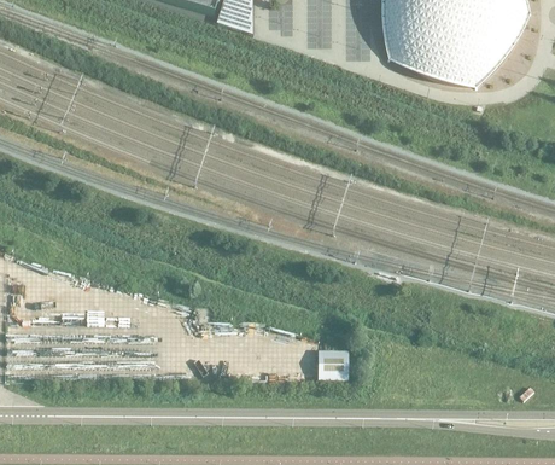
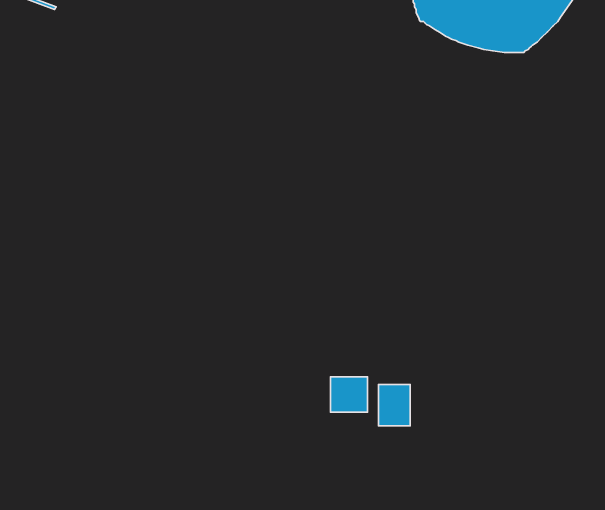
building: none -> [379,385,410,426]

